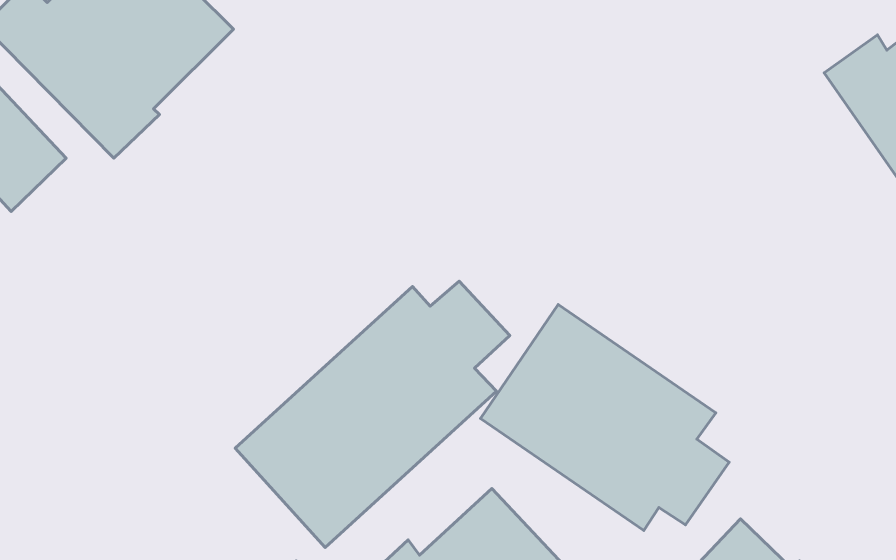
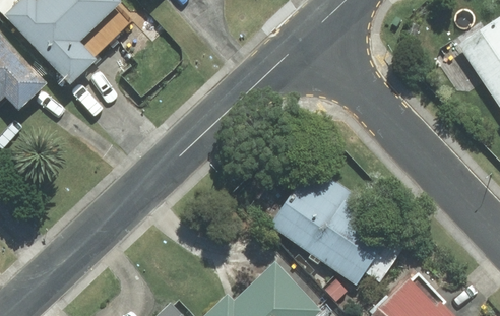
building: [235,281,510,548] -> none

